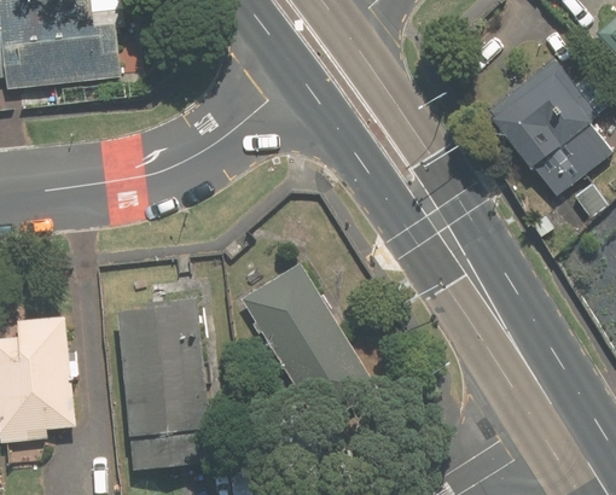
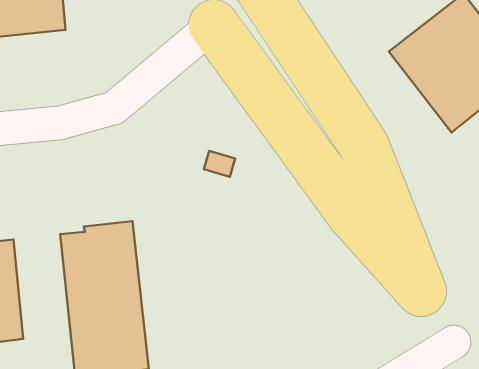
building: [239,262,373,420] -> none

